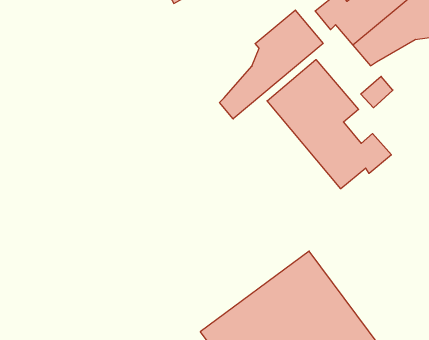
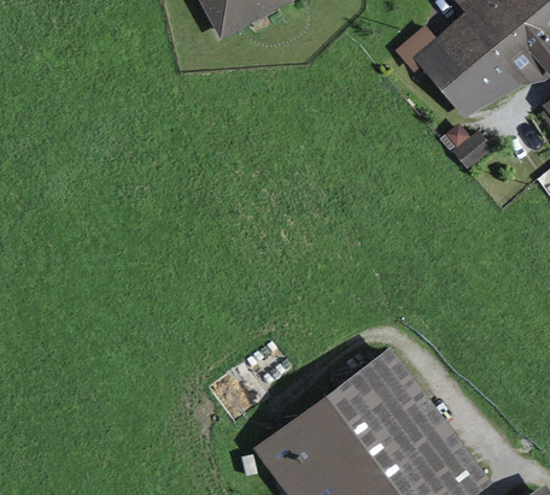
building: [220,10,323,119] -> none
building: [267,60,391,189] -> none

